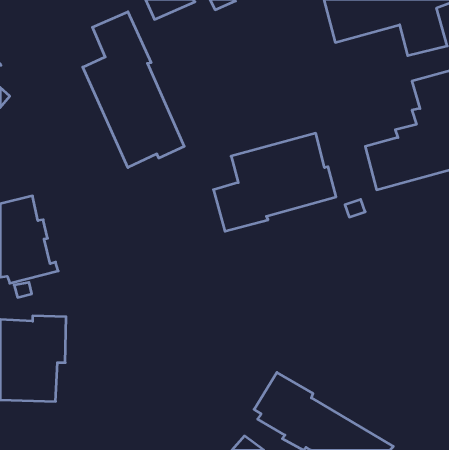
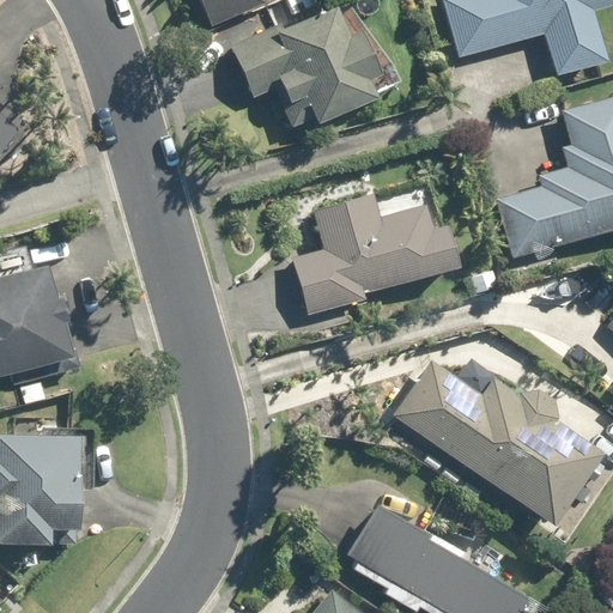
building: none -> [232,6,380,128]
building: [83,12,184,168] -> none
building: none -> [394,360,603,527]

